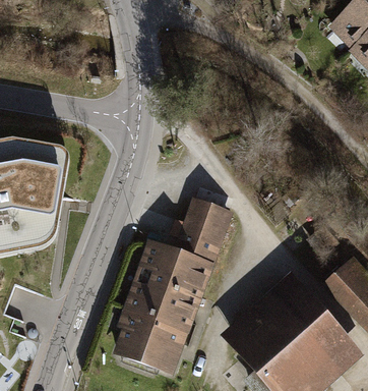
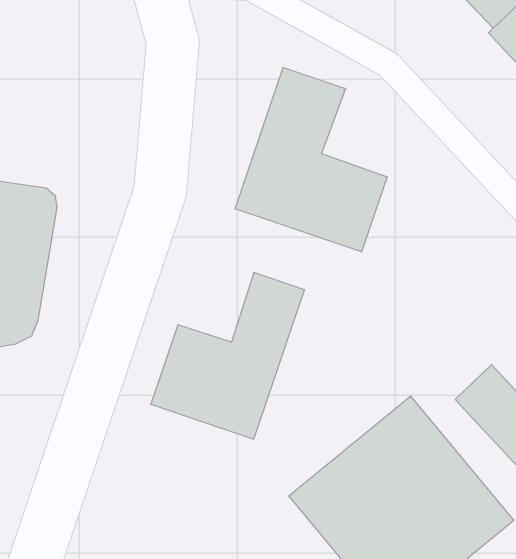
building: none -> [235,67,387,252]
building: [108,288,195,374] -> none

